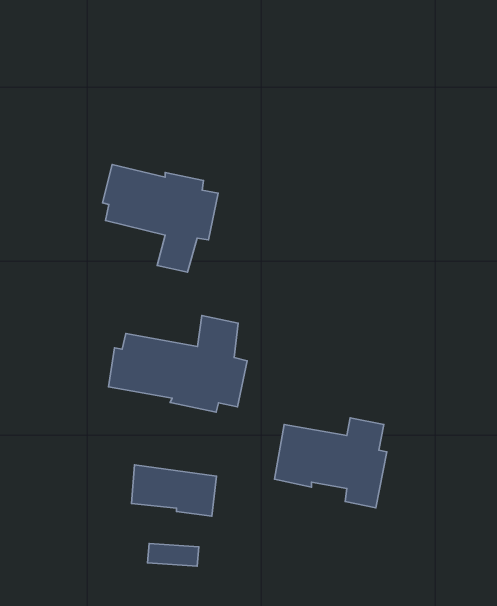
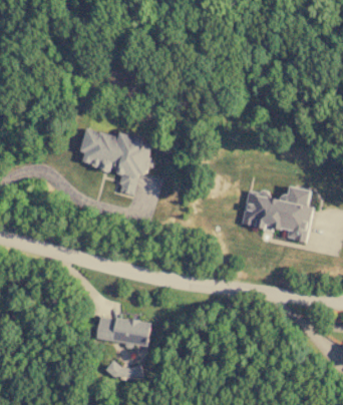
building: [108,316,247,412] -> none
building: [275,418,387,508] -> [241,185,311,242]

